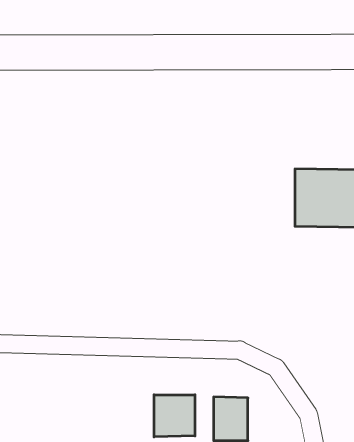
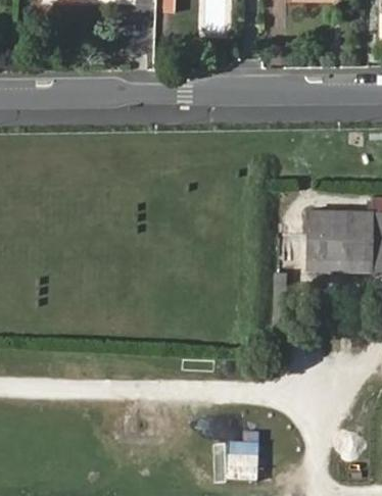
building: [154,395,195,437] -> none

